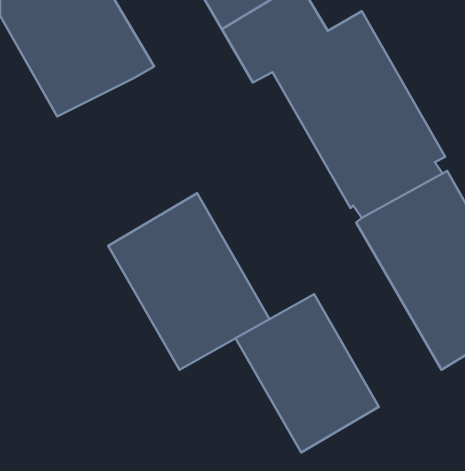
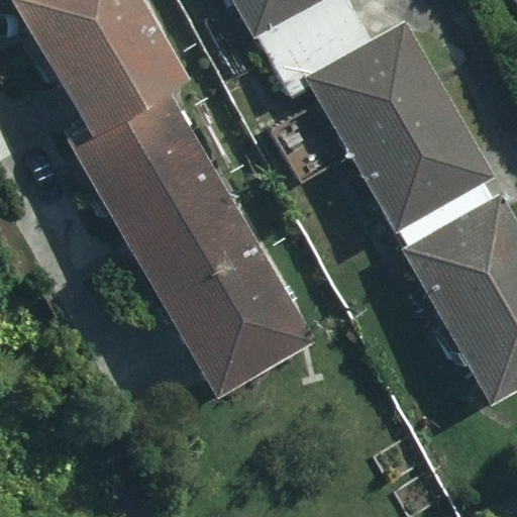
building: none -> [59,85,228,265]
building: [235,294,379,453] -> none

